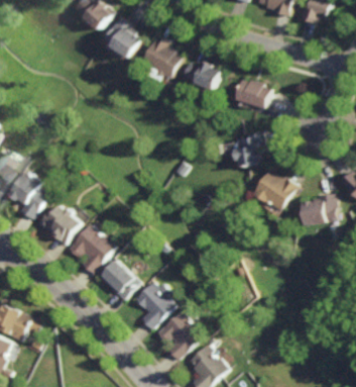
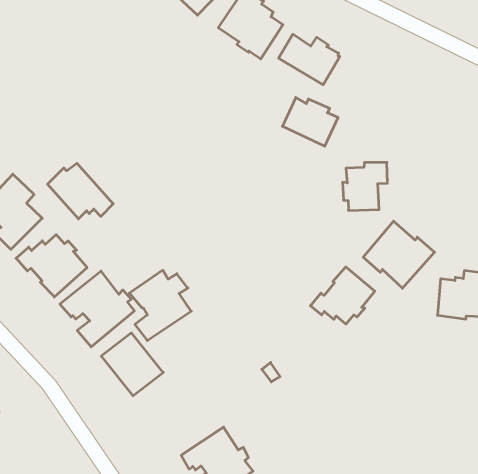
building: [237,79,271,107] -> [282,97,338,146]
building: none -> [48,163,113,219]
building: none -> [310,267,375,324]
building: [134,283,174,328] -> [129,270,191,341]

